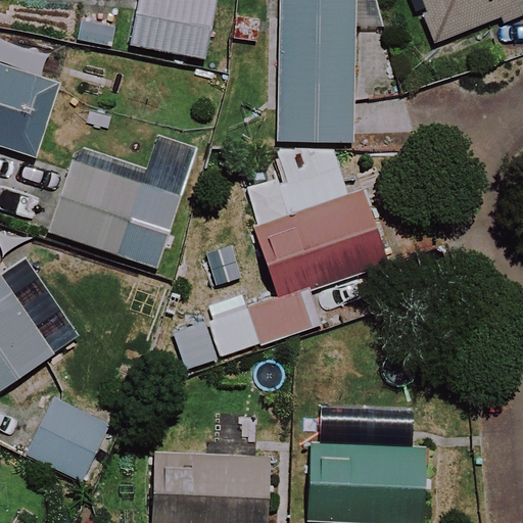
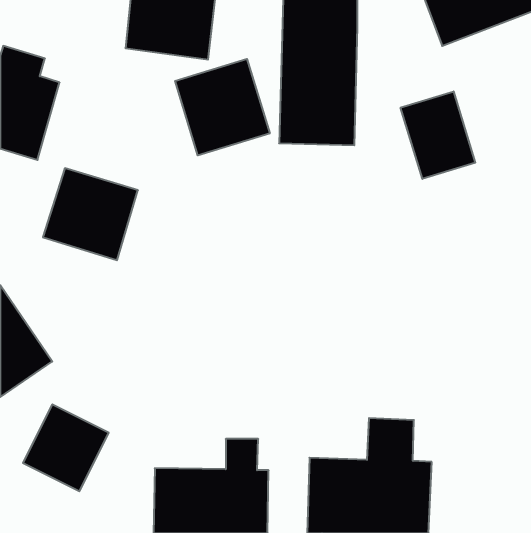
building: none -> [175,59,270,155]
building: none -> [401,91,475,179]
building: [180,147,386,369] -> none

